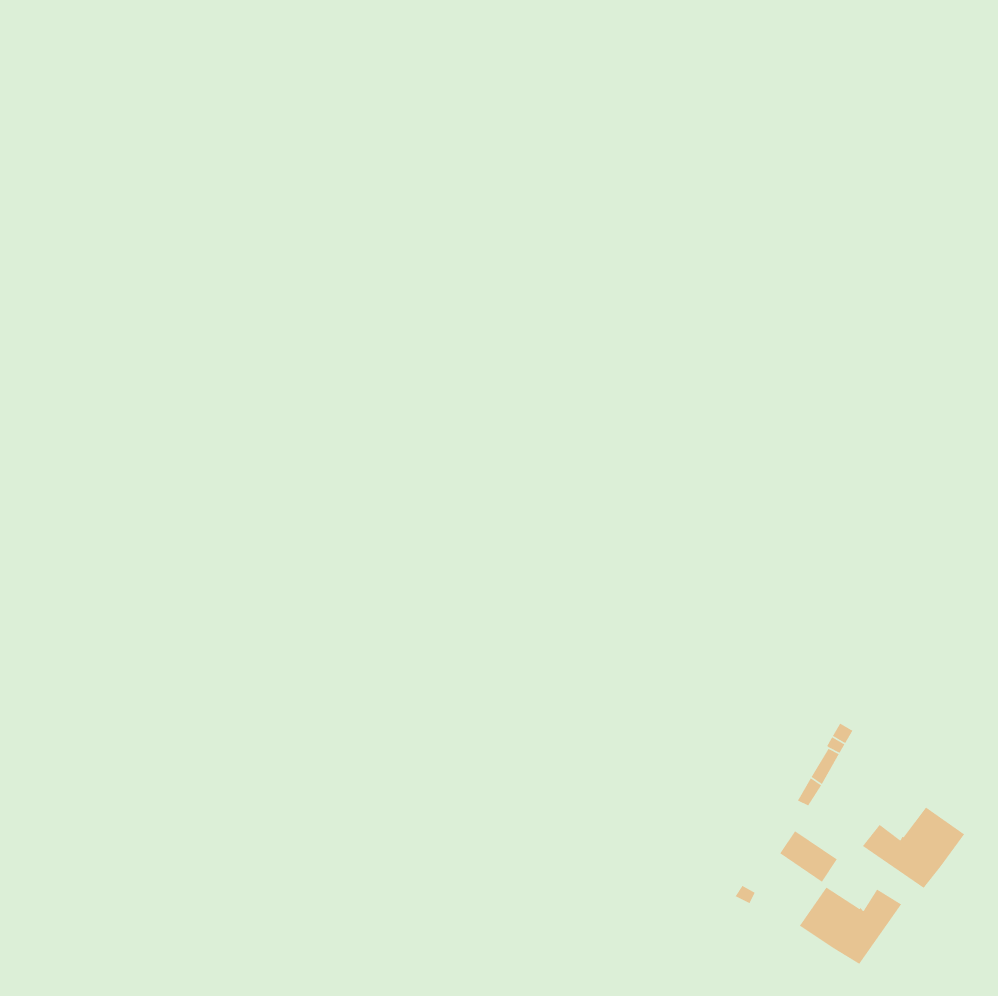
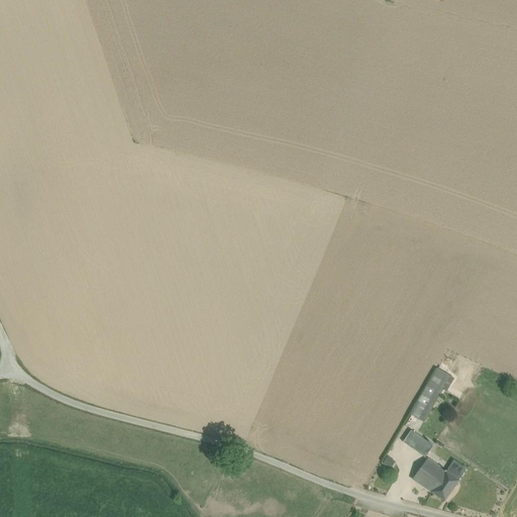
building: [862,807,965,889] -> none

